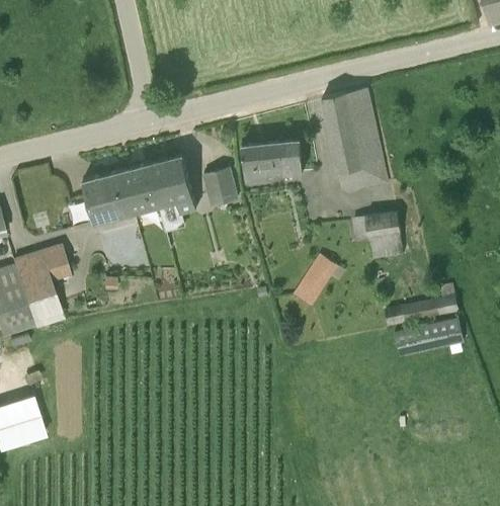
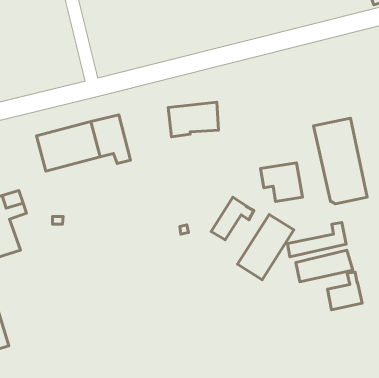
building: [322,88,387,191] -> [314,118,367,204]
building: [203,168,238,206] -> none
building: none -> [238,214,294,280]
building: none -> [327,272,362,310]

